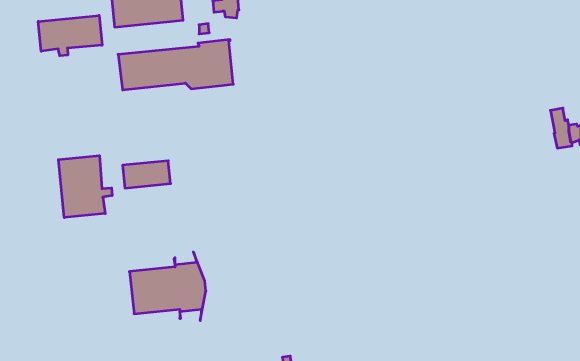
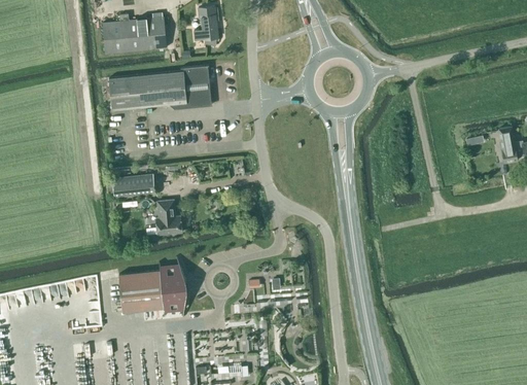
building: [38,15,102,56] -> none
building: [58,156,112,218] -> none
building: none -> [155,200,182,235]

